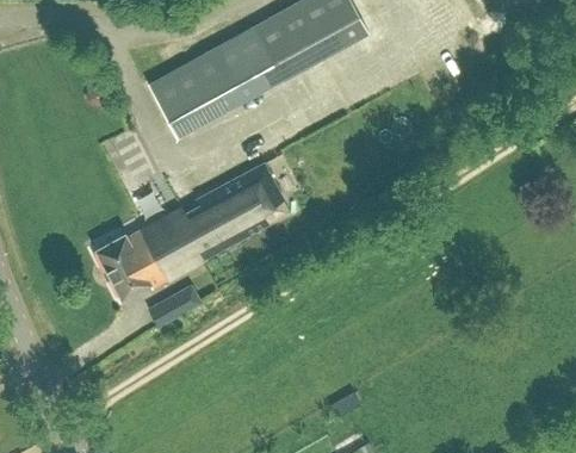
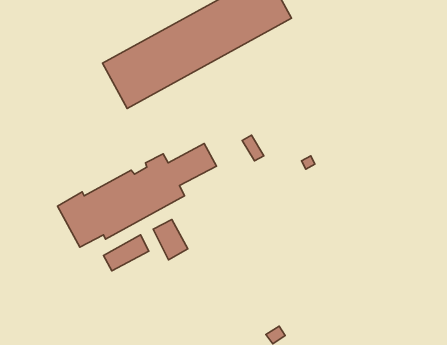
building: none -> [153,219,188,260]

